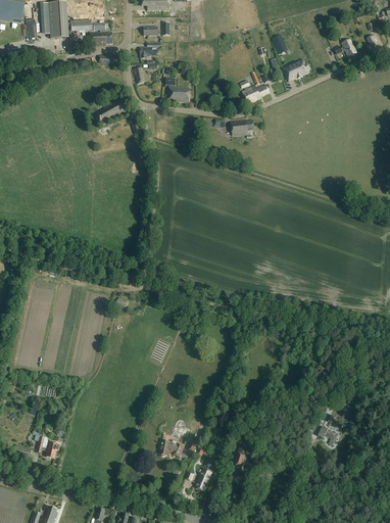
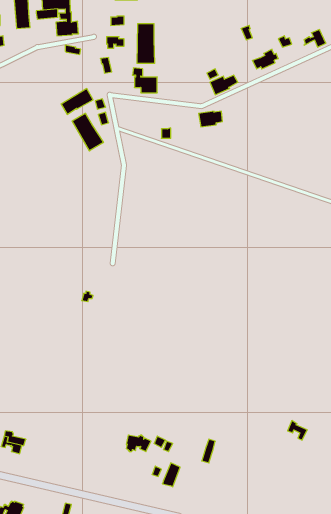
building: none -> [137,24,155,63]
building: none -> [72,113,103,151]

